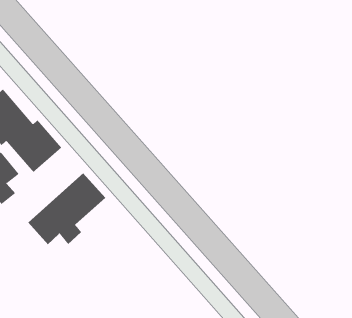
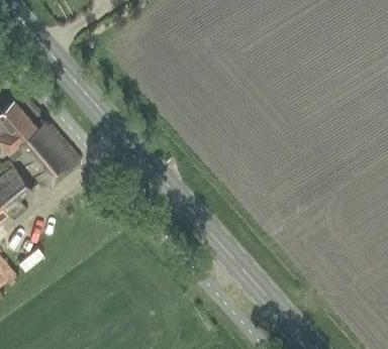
building: [27,173,106,245] -> none

